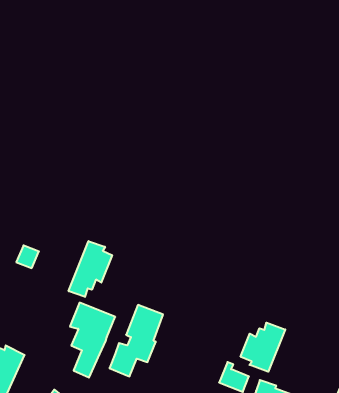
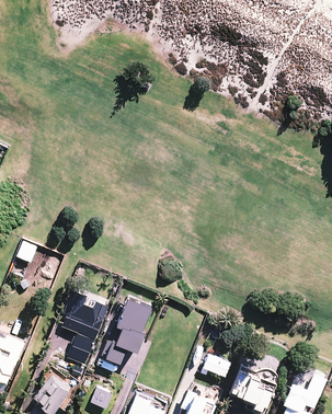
building: [69,241,112,297] -> none
building: [241,323,285,372] -> none

